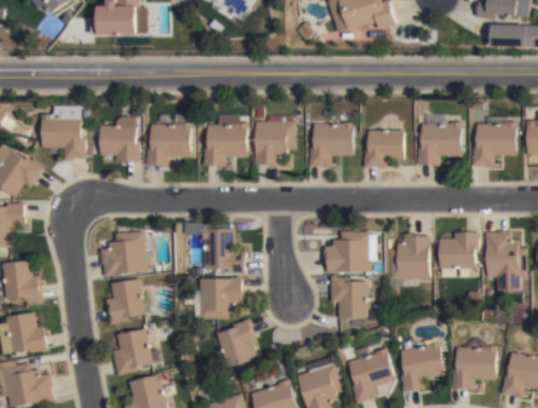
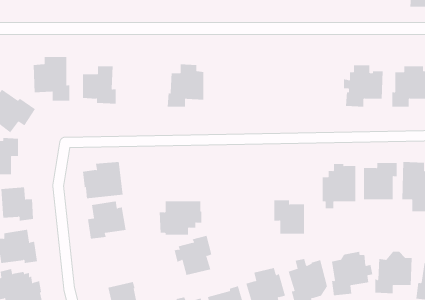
building: [147,113,190,165] -> none
building: [253,115,294,166] -> none
building: [364,120,404,167] -> none
building: [308,121,353,166] -> none
building: [194,226,246,274] -> none
building: [324,230,377,272] -> none
building: [111,328,161,375] -> none

